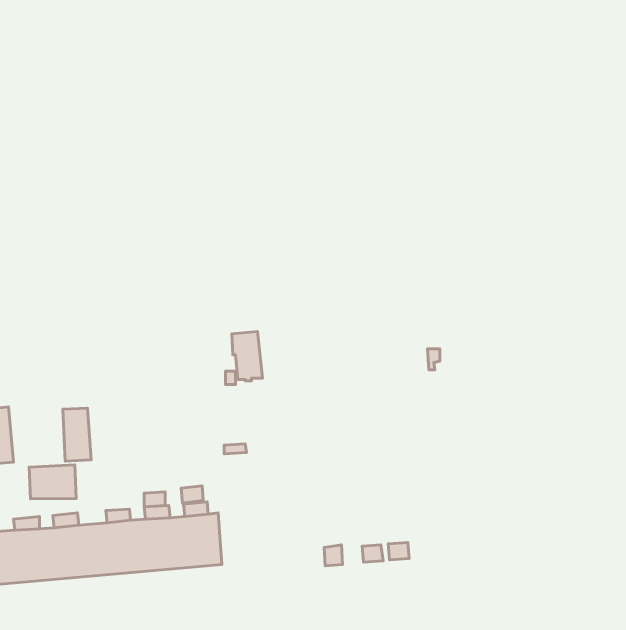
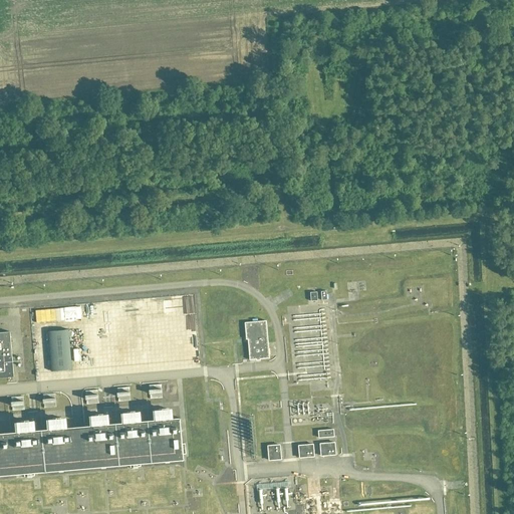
building: [232,331,263,381] -> [242,320,267,360]
building: [29,465,76,499] -> none

